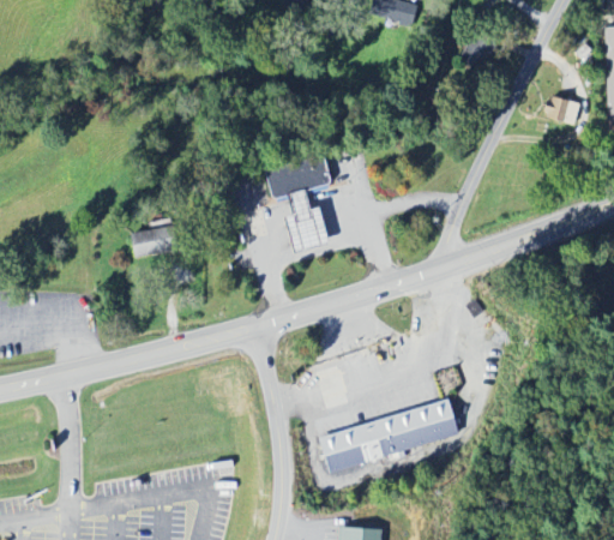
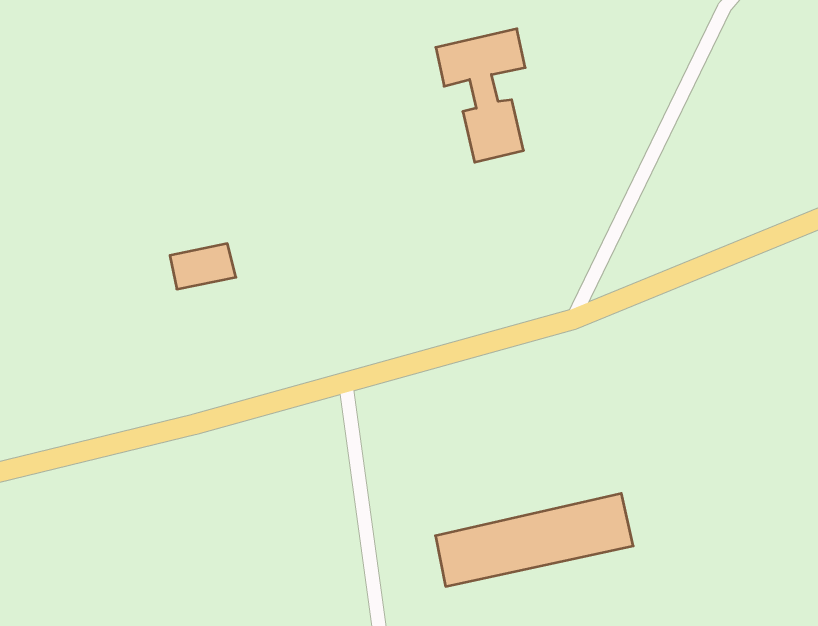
building: [544,95,579,122] -> none
building: [269,156,332,251] -> [436,29,525,162]

